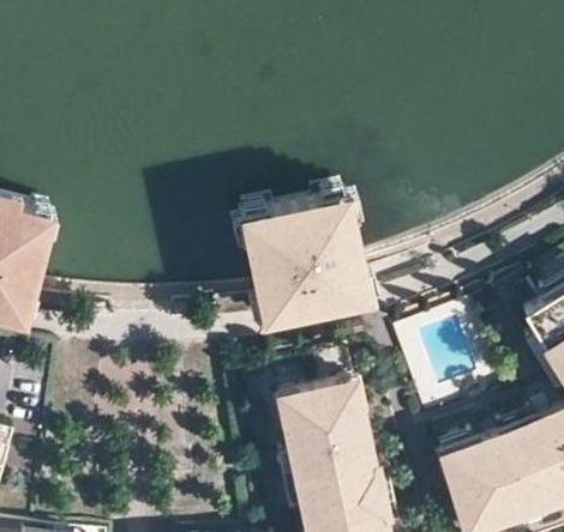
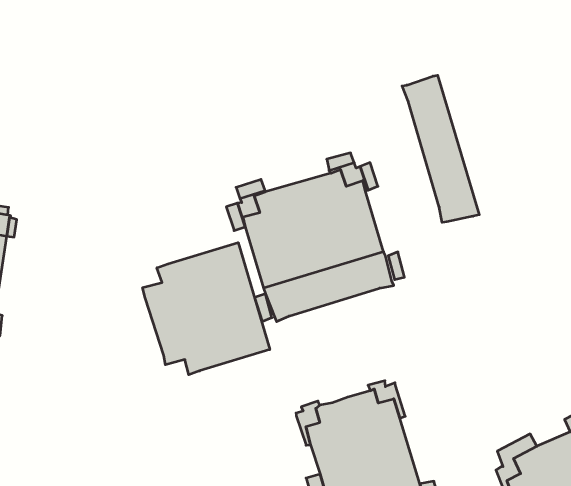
building: none -> [402,75,479,222]
building: none -> [143,243,270,375]

